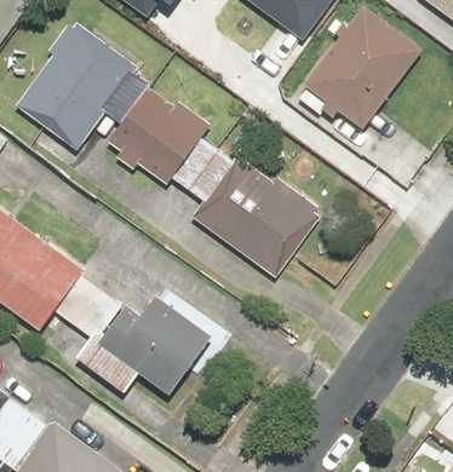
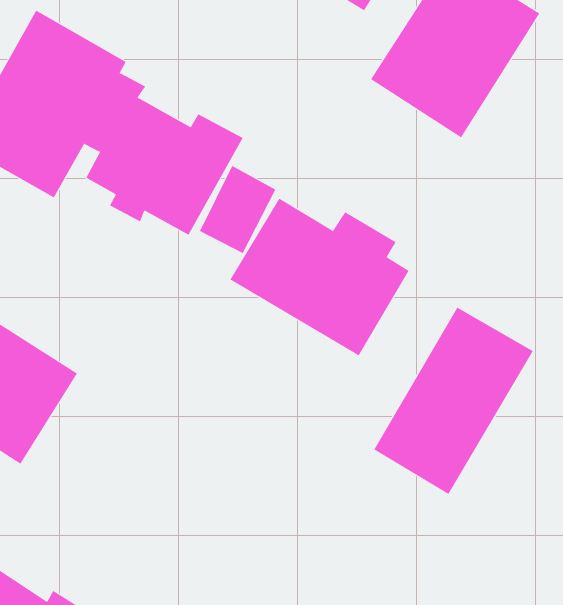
building: none -> [373,307,534,495]
building: [57,280,233,397] -> none

